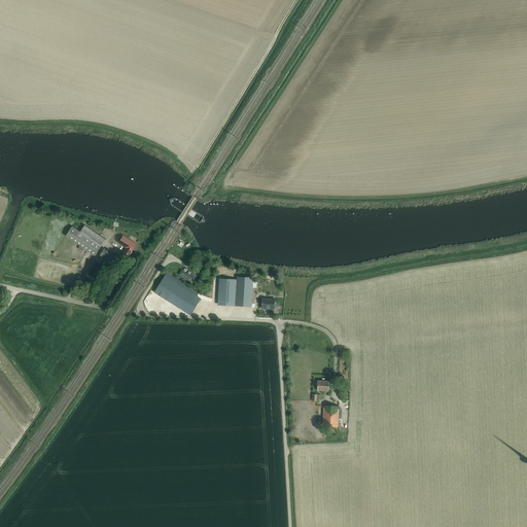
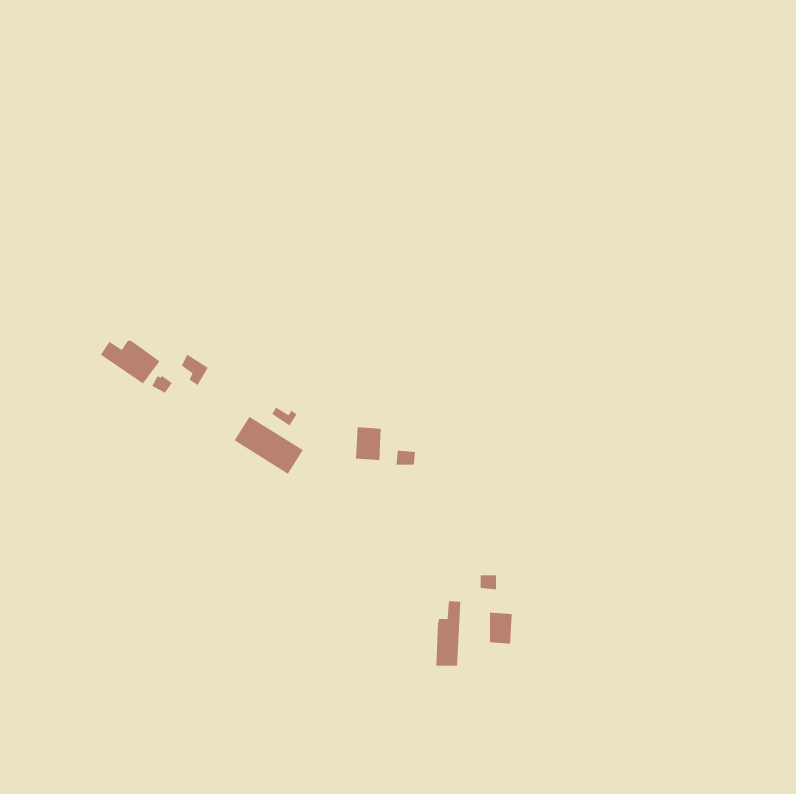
building: [218,278,237,304] -> none
building: none -> [436,600,461,667]

